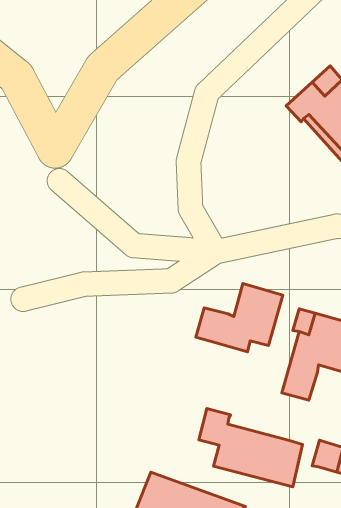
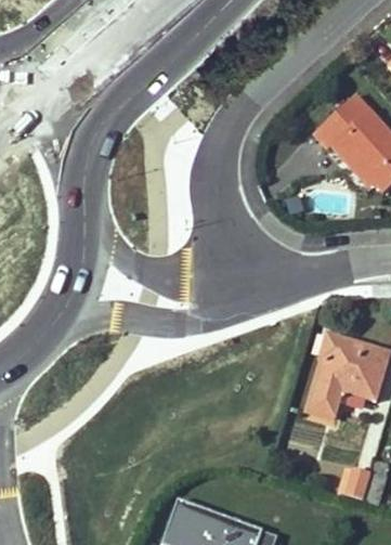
building: [196,284,283,352] -> none
building: [199,409,303,487] -> none

